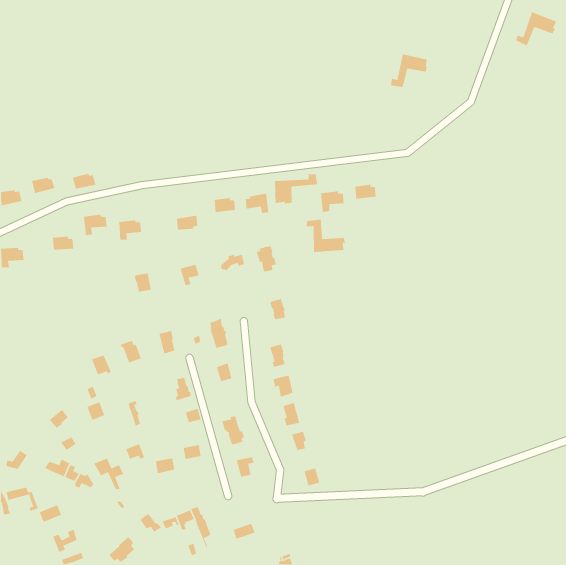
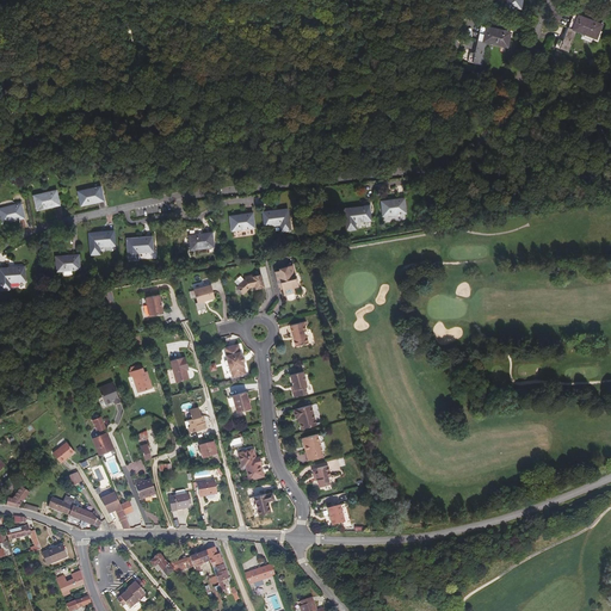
building: [390,54,428,88] -> [468,25,508,62]
building: [274,174,318,204] -> none
building: [306,219,346,253] -> none

